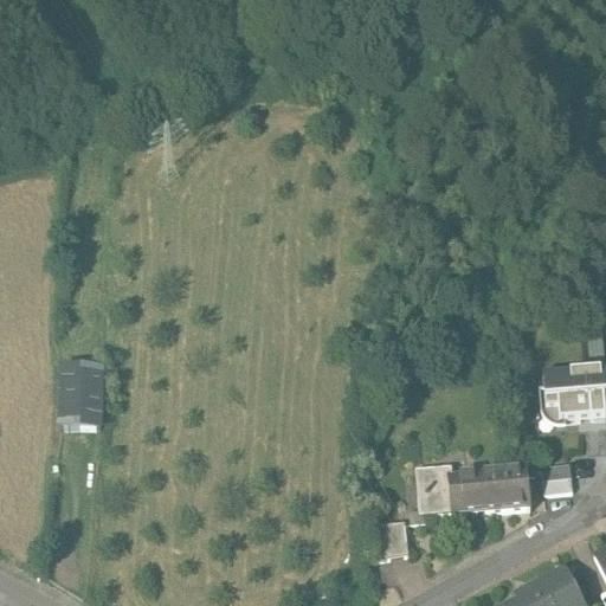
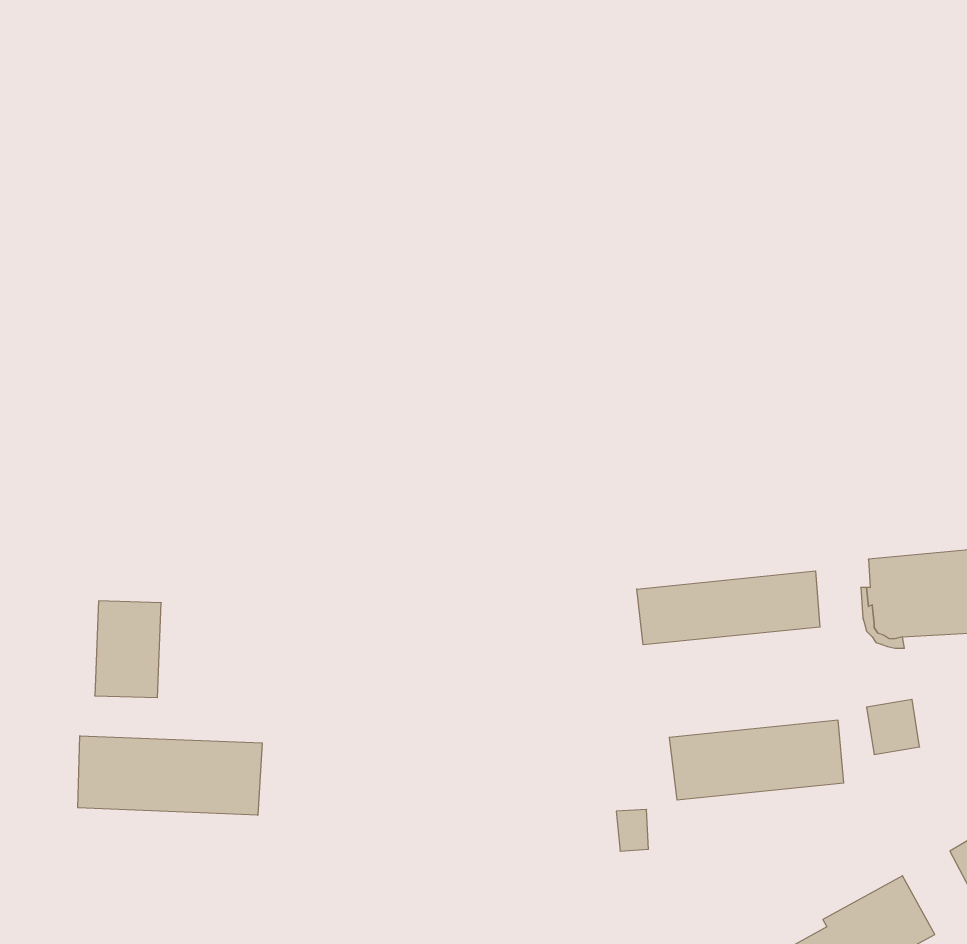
building: none -> [637,571,820,645]
building: none -> [78,736,262,815]

